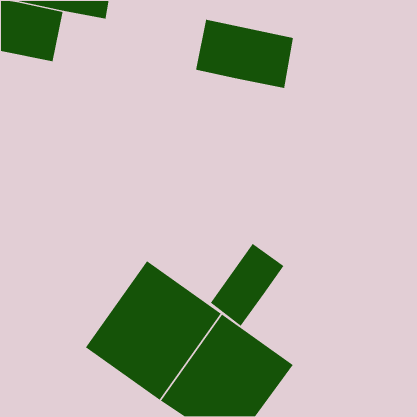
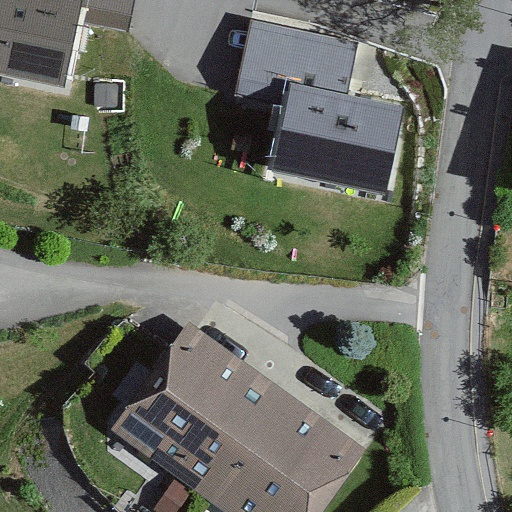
building: none -> [277,97,398,182]
building: [210,243,285,327] -> none

